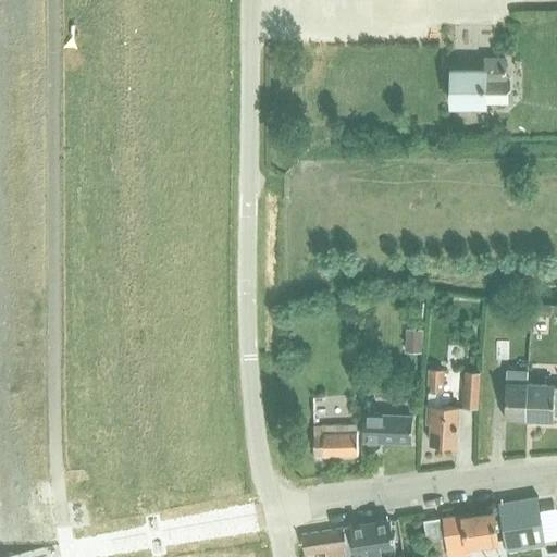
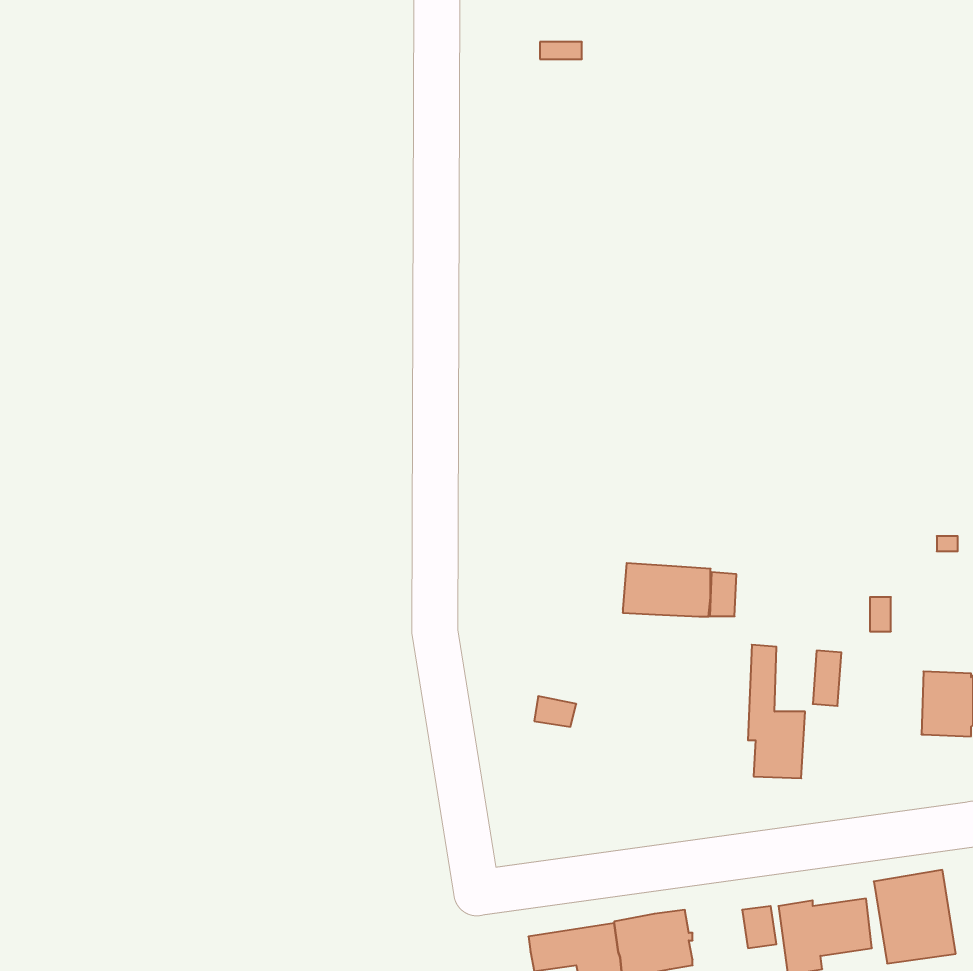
building: [451,61,509,113] -> none
building: [505,372,528,421] -> none
building: [362,413,412,444] -> [623,563,711,617]
building: [313,425,358,457] -> none

